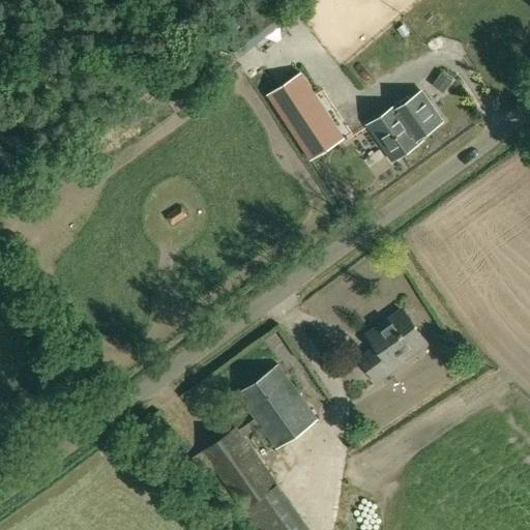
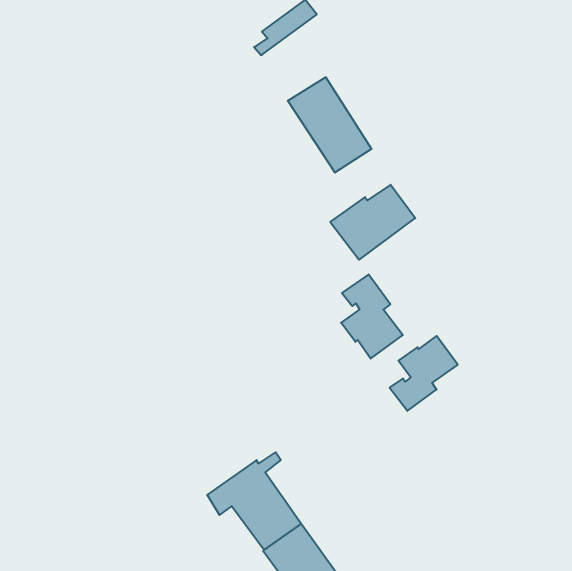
building: [365,92,444,161] -> [330,185,415,260]
building: none -> [341,274,403,359]
building: [237,364,318,449] -> none

